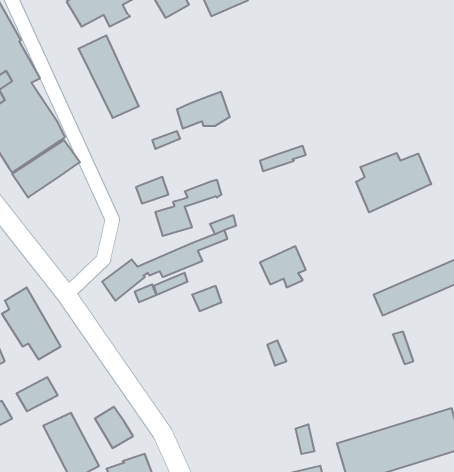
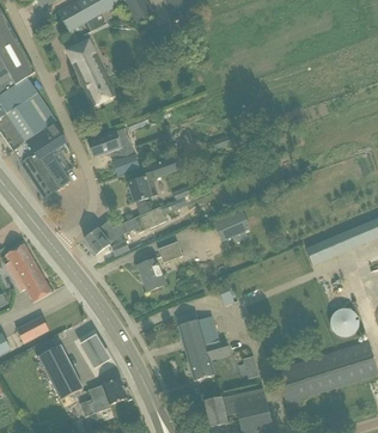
building: [177,92,230,129] -> [89,126,132,155]
building: [356,153,431,212] -> none
building: none -> [25,151,71,196]
building: none -> [138,257,165,289]
building: none -> [330,307,359,336]
building: none -> [177,313,230,379]

